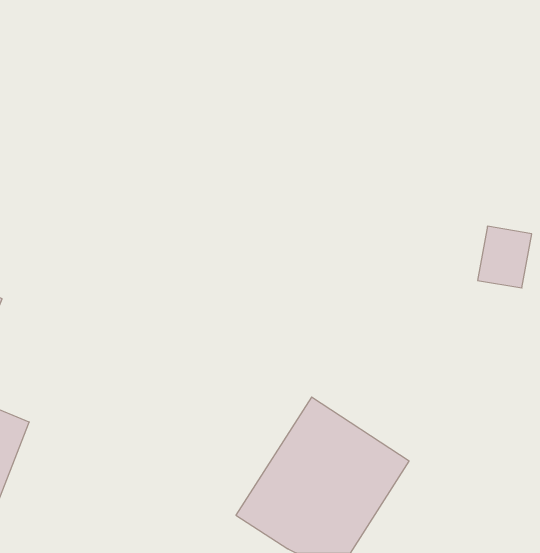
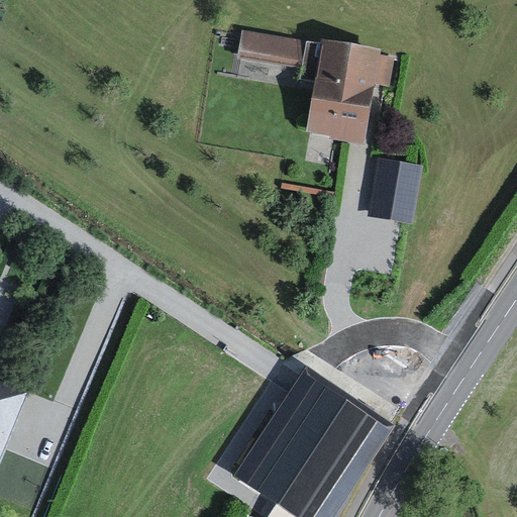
building: none -> [242,33,390,137]
building: [478,226,532,288] -> [371,159,421,216]

